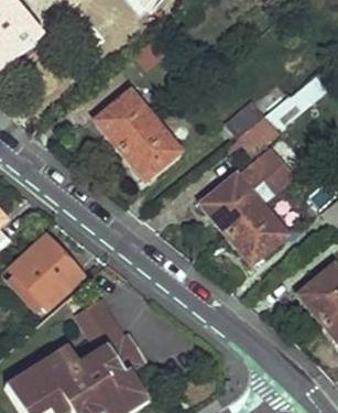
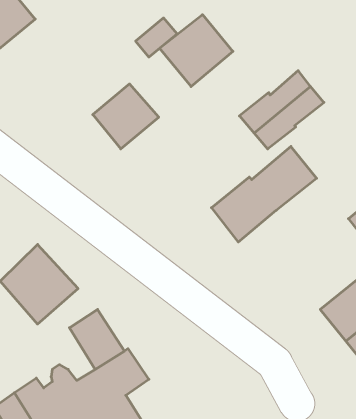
building: none -> [160,15,233,87]
building: [122,121,179,177] -> none
building: [228,205,285,262] -> none

